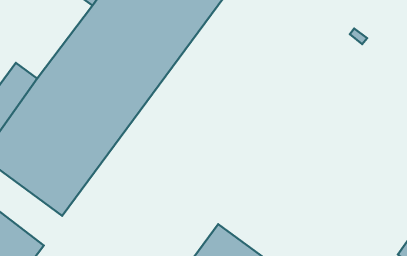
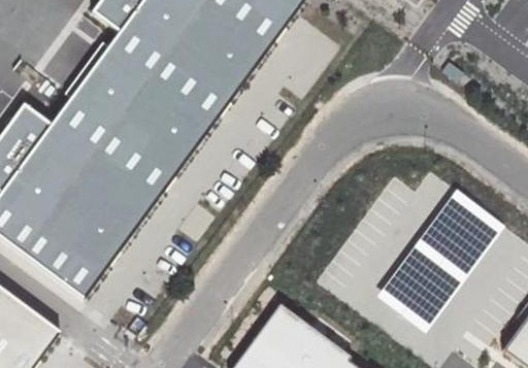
building: none -> [376,191,501,329]

